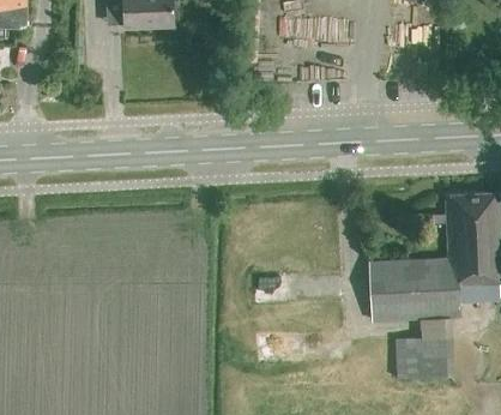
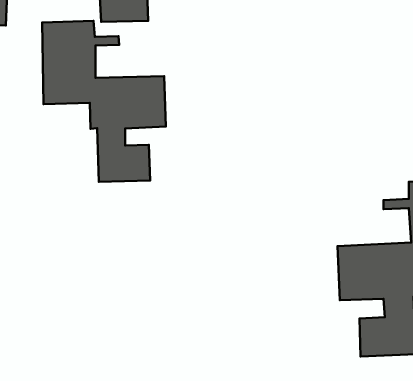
building: none -> [42,21,166,182]

